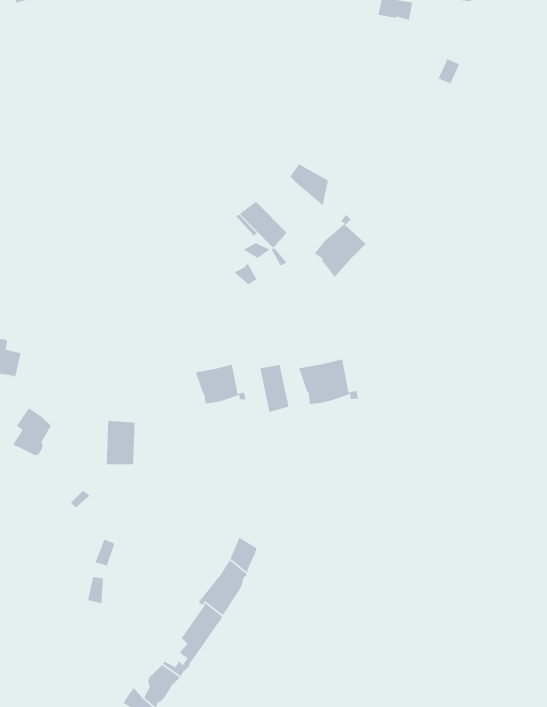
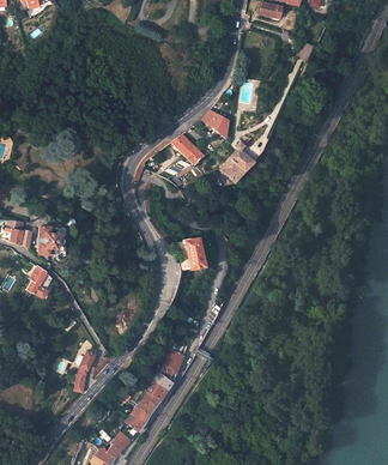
building: [298,359,359,405] -> none
building: [195,364,247,404] -> none
building: [106,420,136,465] -> [38,227,57,255]

